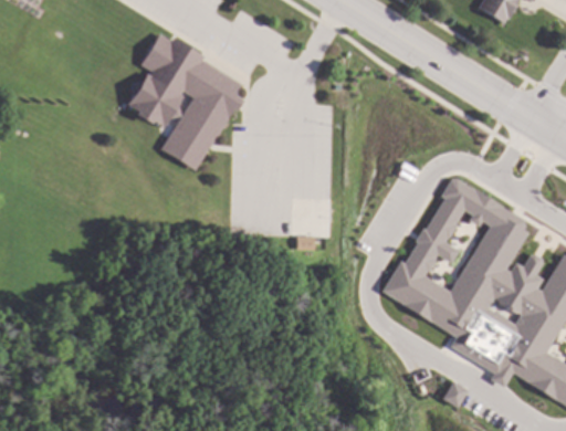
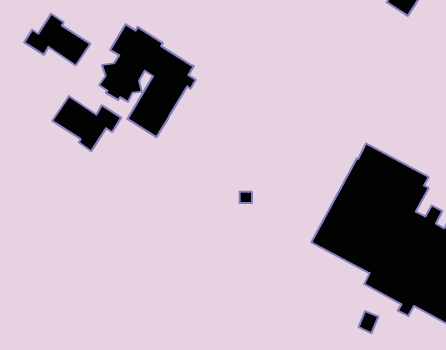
building: none -> [24,14,90,65]
building: none -> [52,96,121,151]

